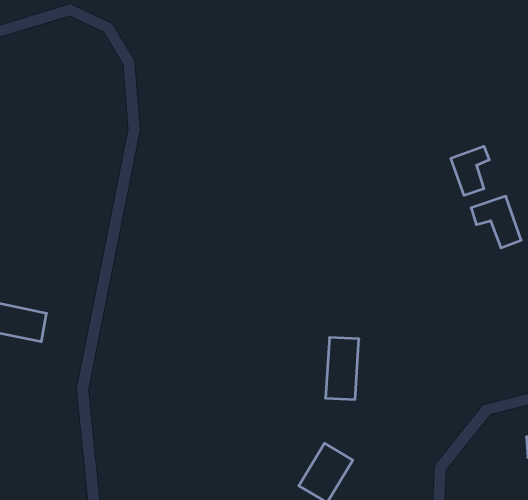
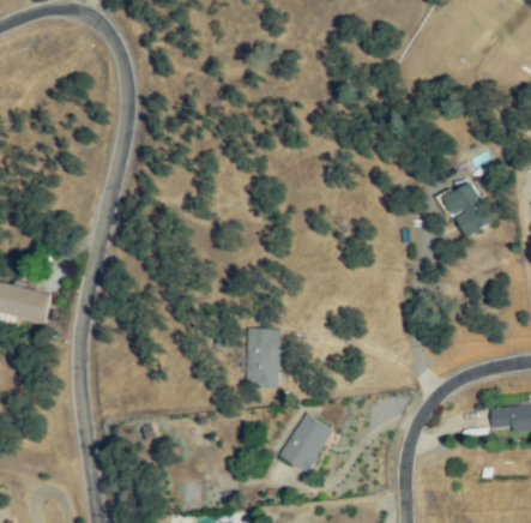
building: [451,146,489,195] -> none
building: [325,338,359,399] -> [247,329,278,386]

